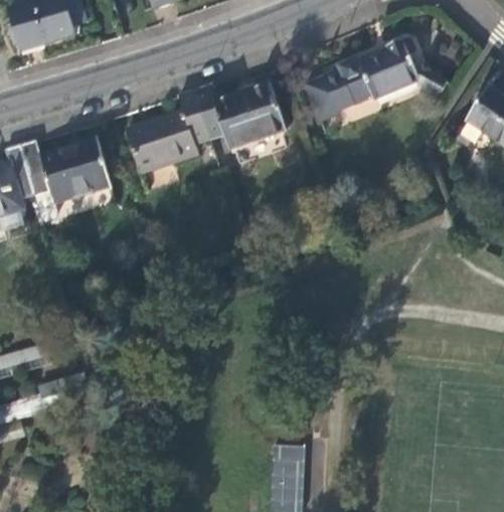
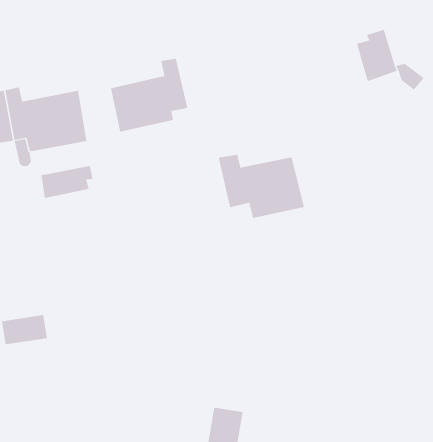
building: [308,54,389,123] -> none
building: [190,81,286,150] -> [218,154,305,218]
building: none -> [41,165,93,199]

